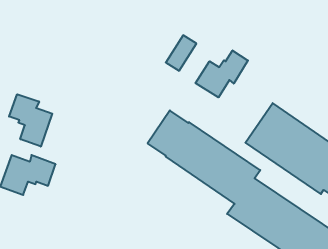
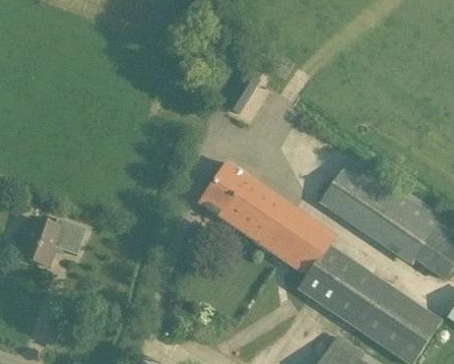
building: [196,50,248,97] -> none
building: [9,94,52,147] -> none

